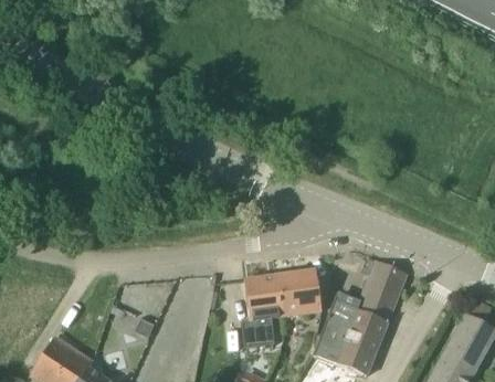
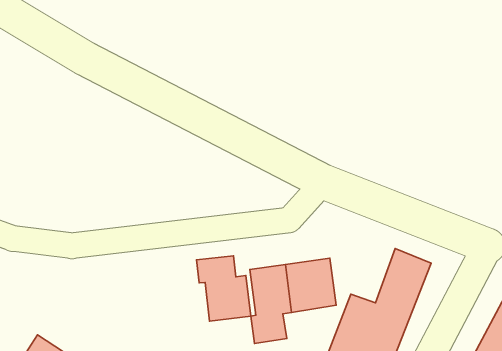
building: none -> [197,256,251,321]

